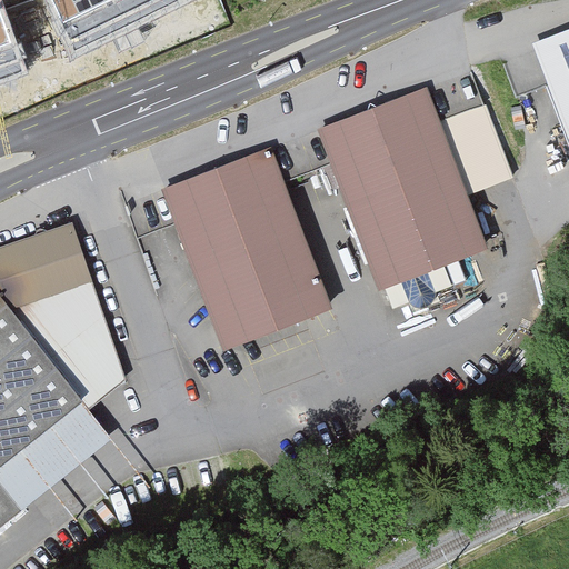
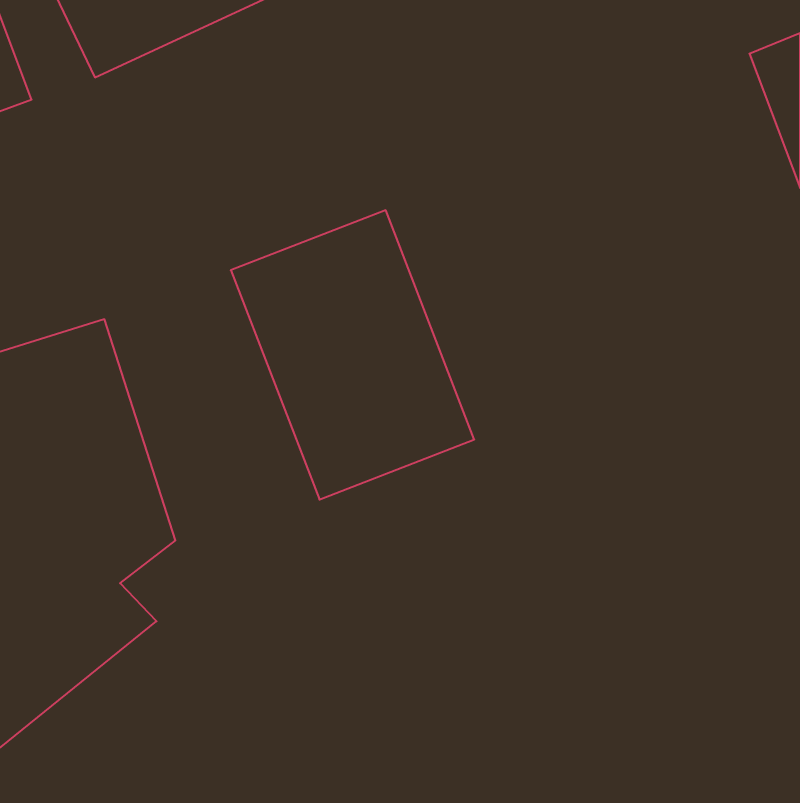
building: [320,87,508,288] -> none

